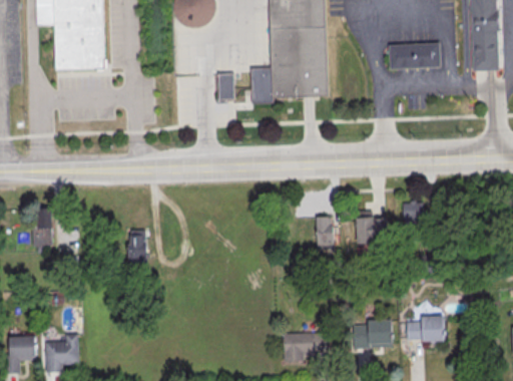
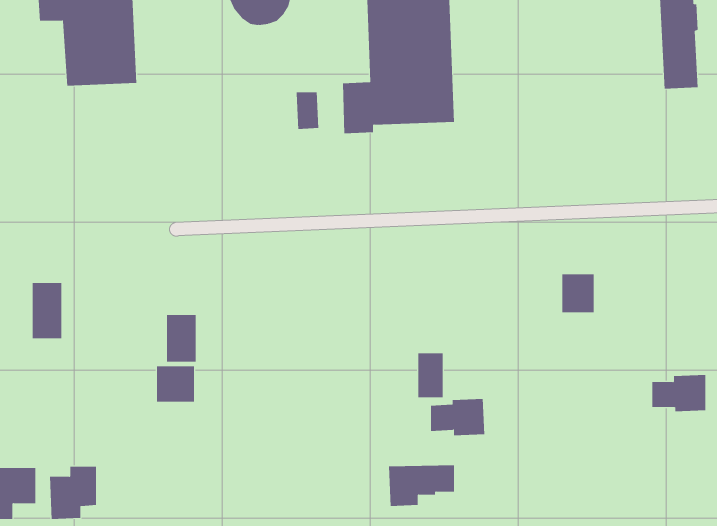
building: [389,43,441,70] -> none
building: [357,216,387,242] -> none
building: [317,217,335,248] -> [417,353,443,398]
building: none -> [156,365,195,403]
building: [406,317,444,343] -> [651,374,706,412]
building: [353,321,391,347] -> [430,398,485,436]

